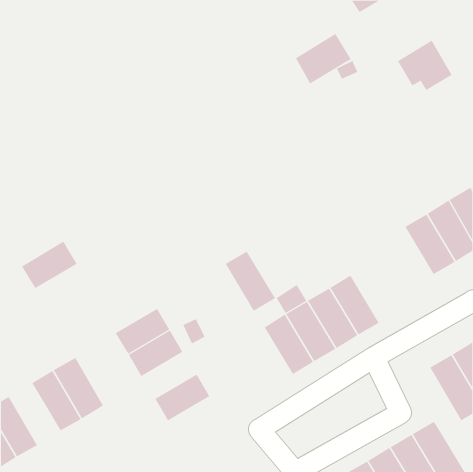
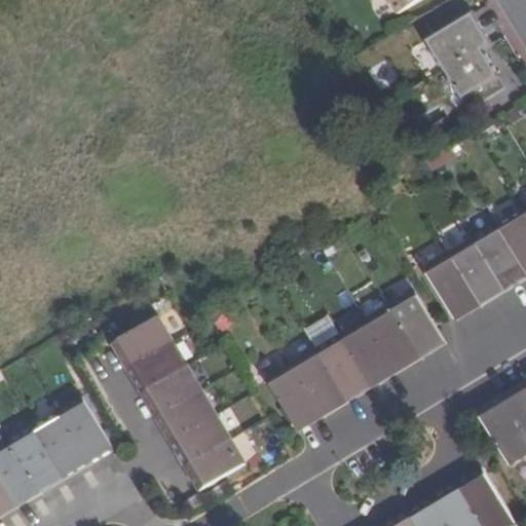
building: [295,33,352,84] -> [424,12,487,69]
building: none -> [423,253,481,322]
building: [21,241,78,289] -> [112,317,175,371]
building: [225,251,276,311] -> [268,365,325,431]
building: none -> [389,291,446,360]
building: none -> [156,391,219,444]
building: none -> [10,426,67,495]
building: none -> [186,441,248,492]

